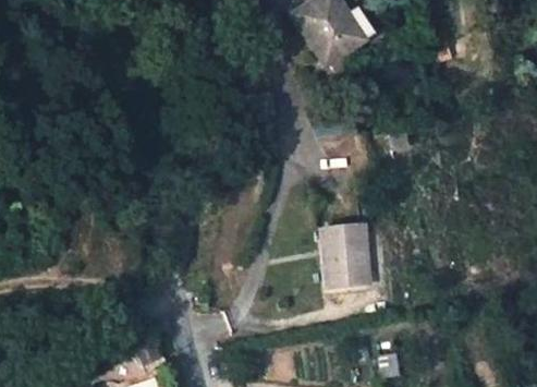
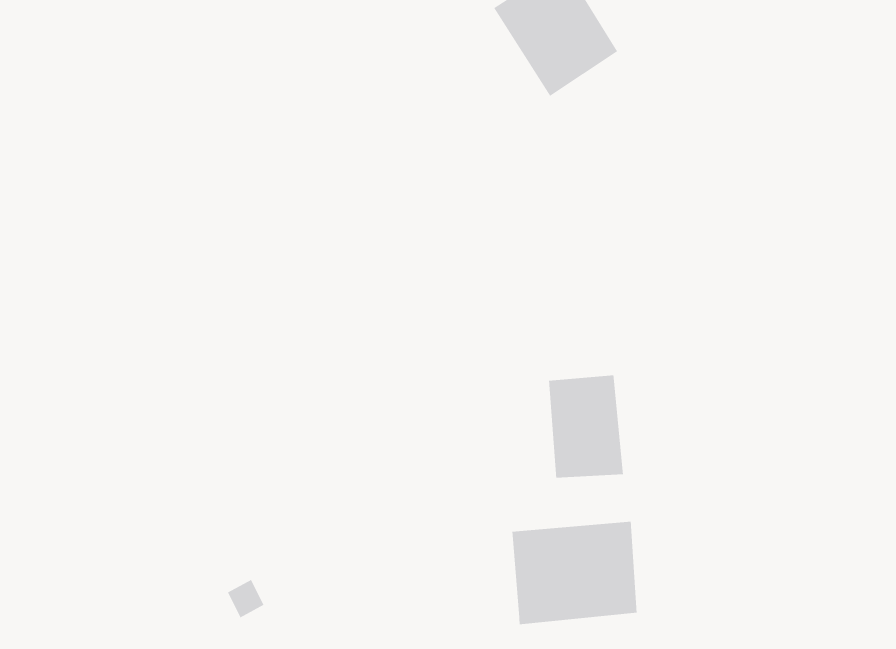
building: none -> [512,521,637,625]

